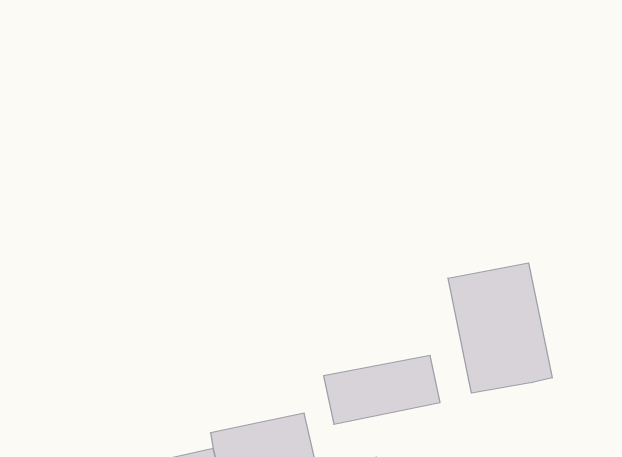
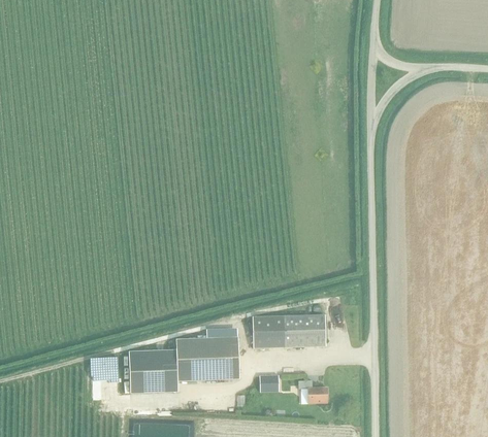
building: [448,263,552,393] -> none

